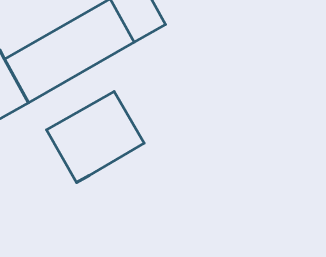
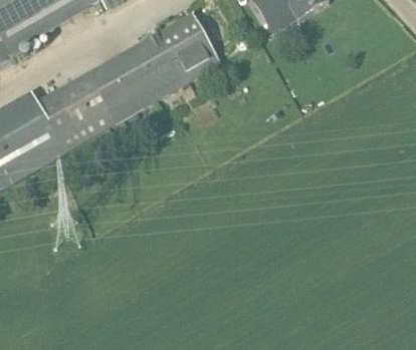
building: [46,91,144,183] -> none

